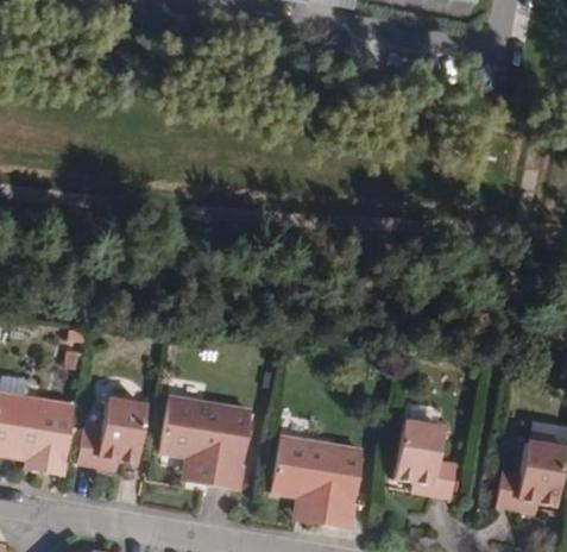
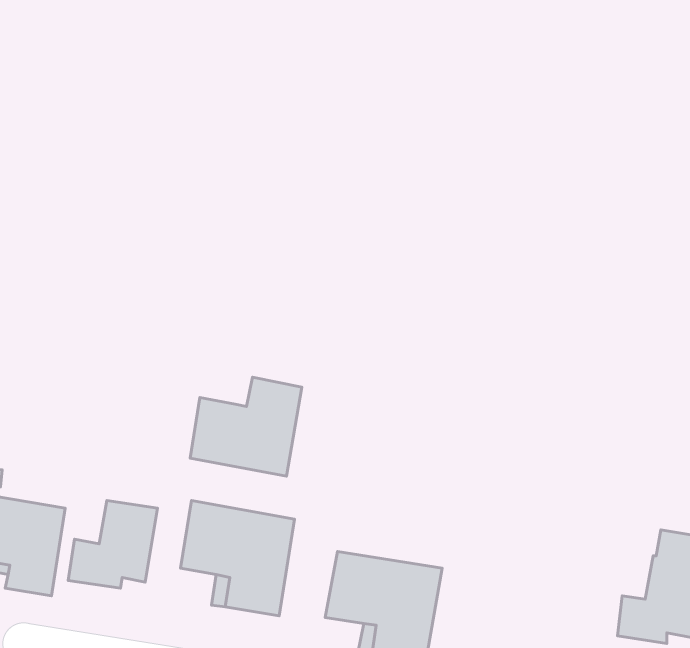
building: none -> [190,377,302,476]
building: [395,422,455,496] -> none

